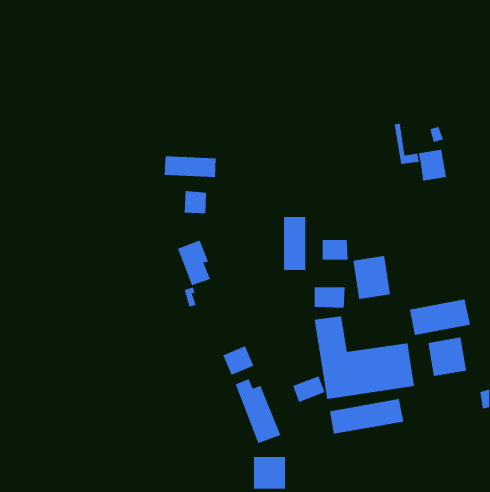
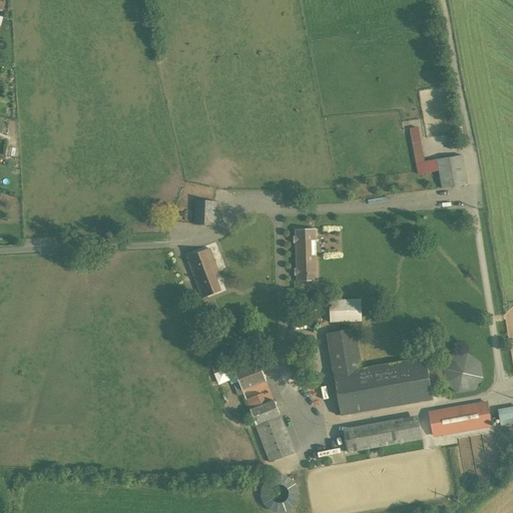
building: [164,156,216,178] -> none
building: [322,239,348,260] -> none
building: [353,255,391,300] -> none
building: [409,299,471,335] -> [426,402,490,440]
building: [292,375,325,403] -> none

